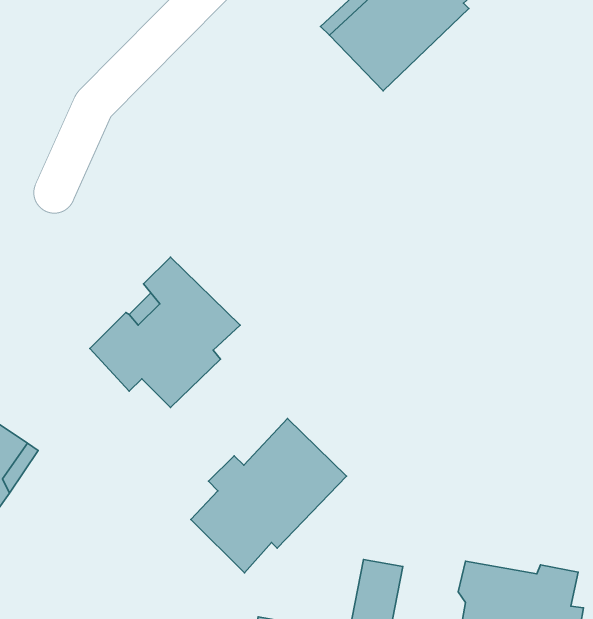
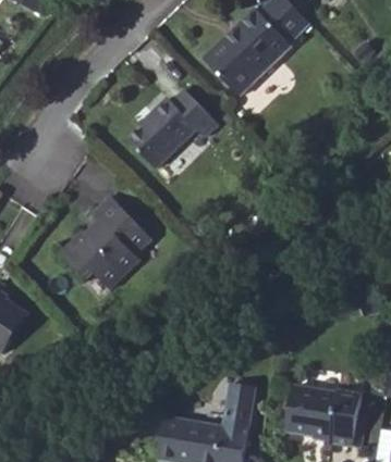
building: none -> [129,90,217,168]
building: [191,418,347,573] -> none

